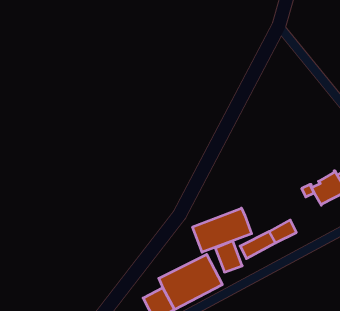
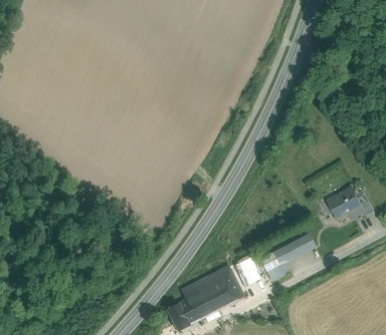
building: [193,208,252,252] -> none

